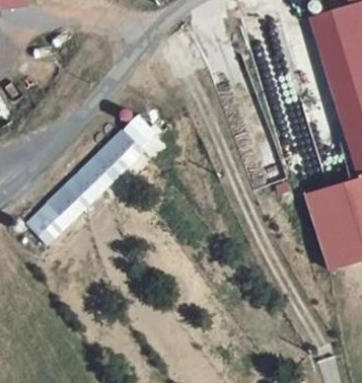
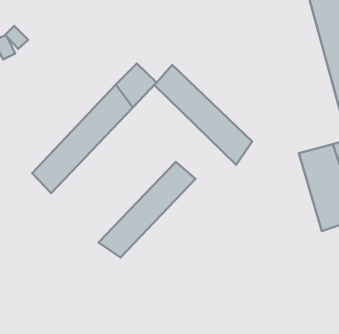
building: none -> [154,65,252,165]
building: none -> [98,162,195,257]

